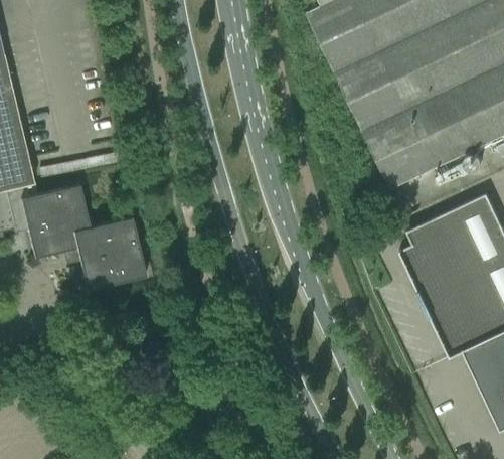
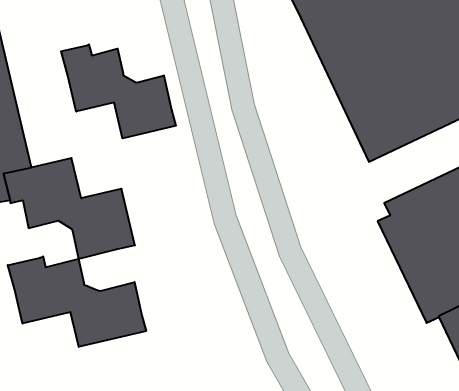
building: none -> [61,44,176,138]
building: none -> [8,256,146,347]

